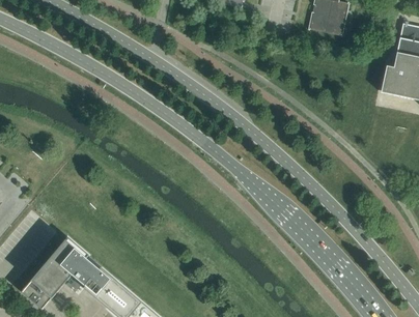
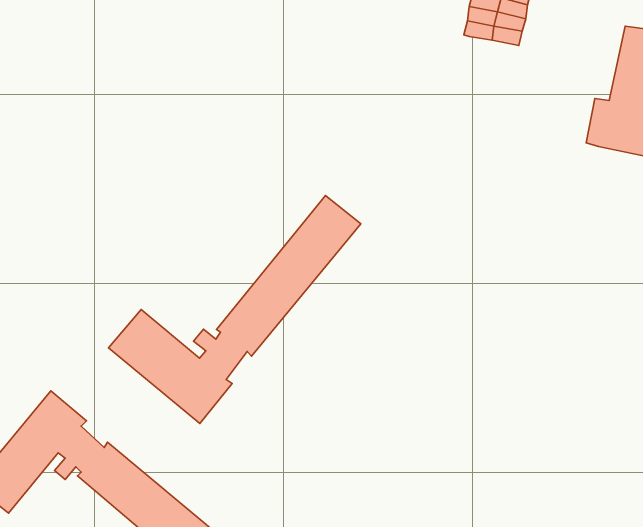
building: none -> [109,195,361,423]

